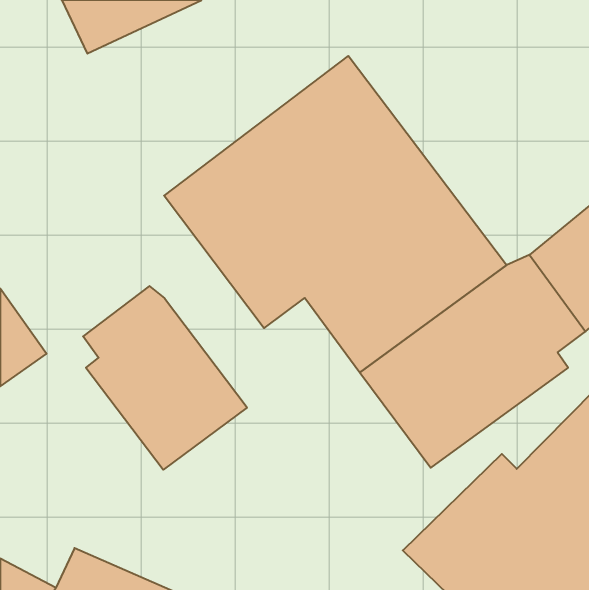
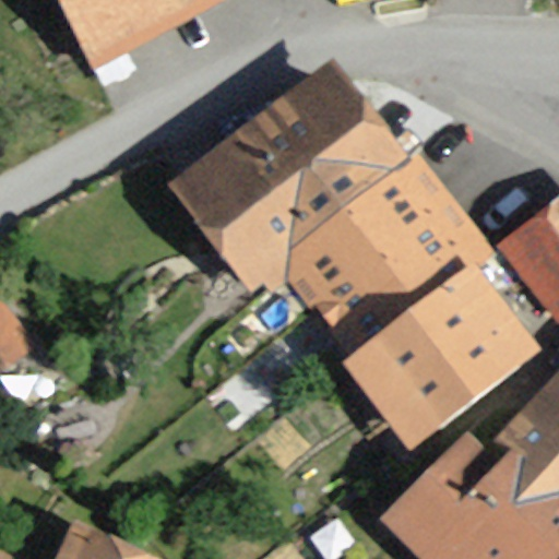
building: [83,286,247,470] -> none

